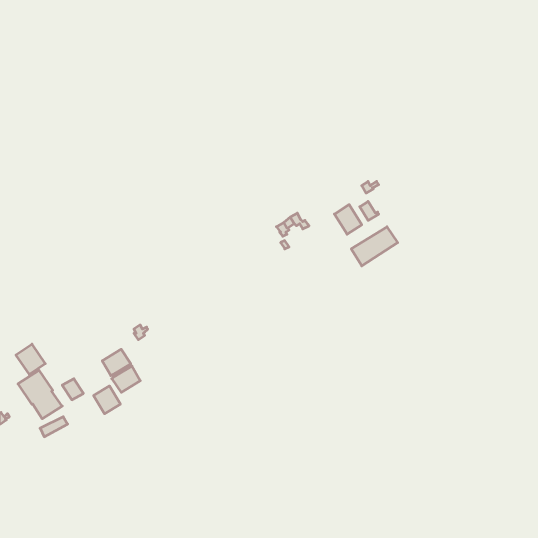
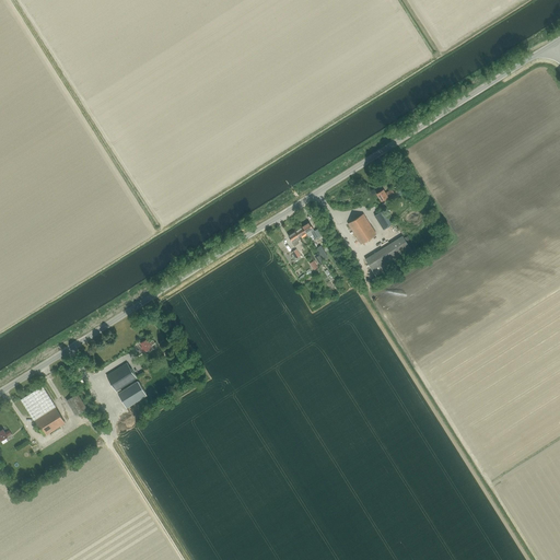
building: [16,344,45,375] -> none
building: [94,386,120,414] -> none

